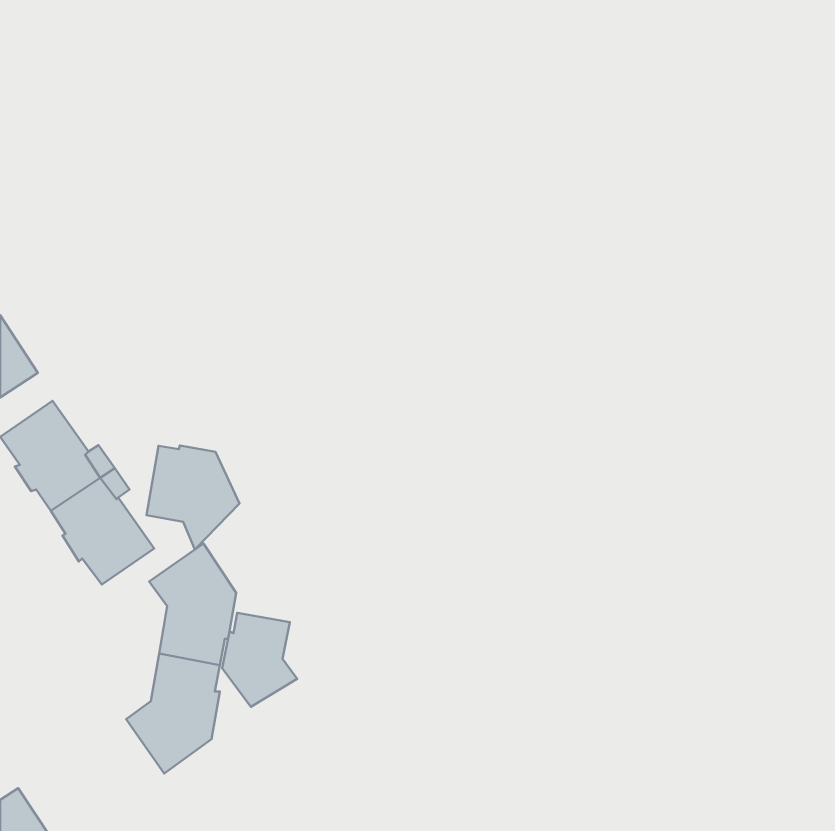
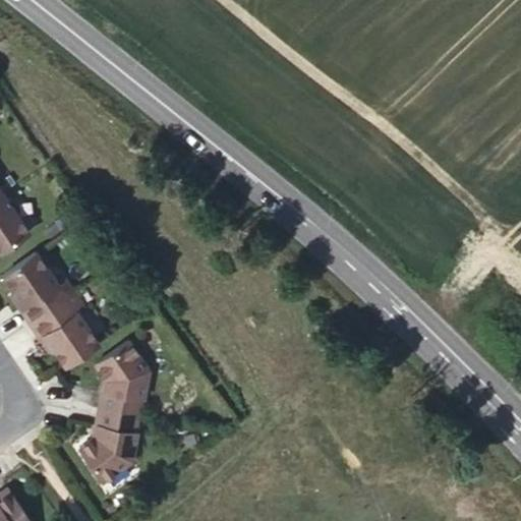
building: [147,446,240,550] -> none
building: [222,613,297,707] -> none

